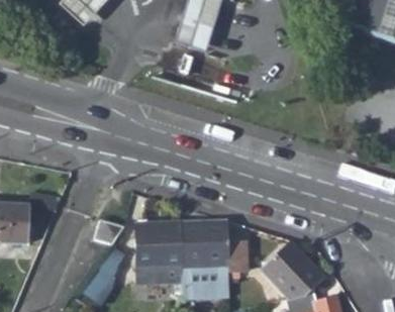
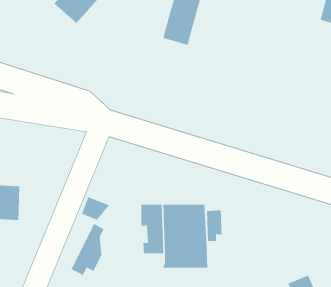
building: [136,222,165,275] -> none
building: [261,243,323,300] -> none

